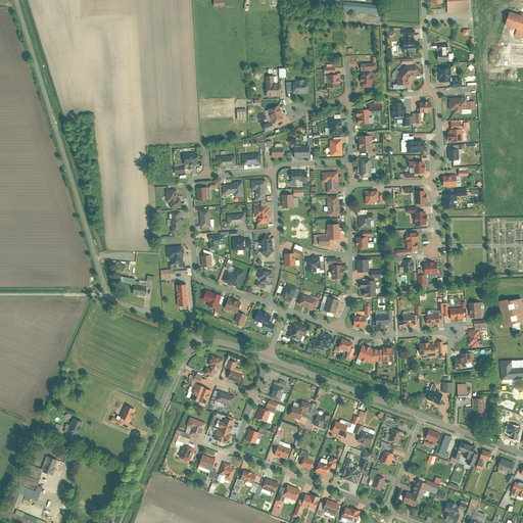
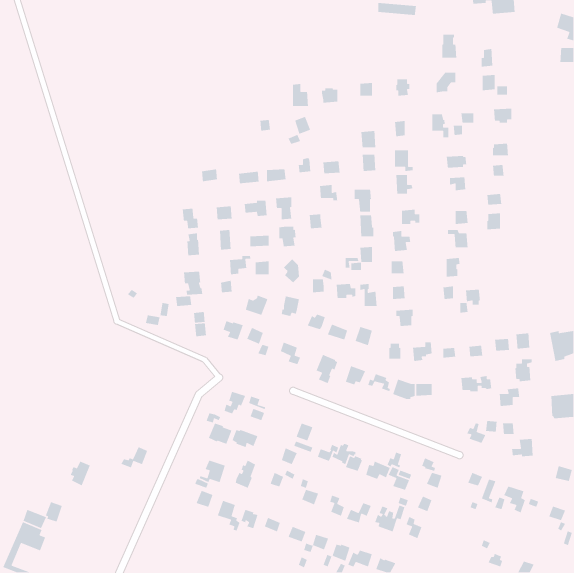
building: [402,480,439,507] -> none

